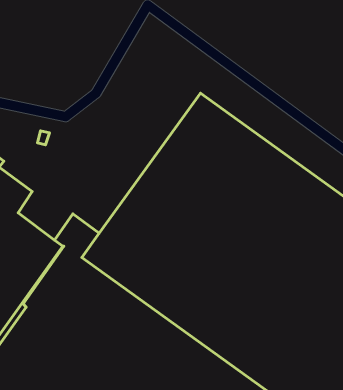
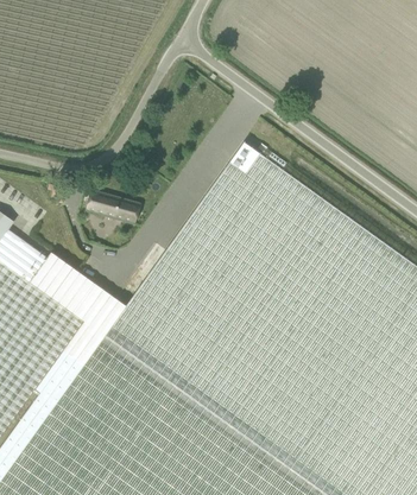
building: none -> [86,190,140,224]
building: none -> [30,253,94,315]

